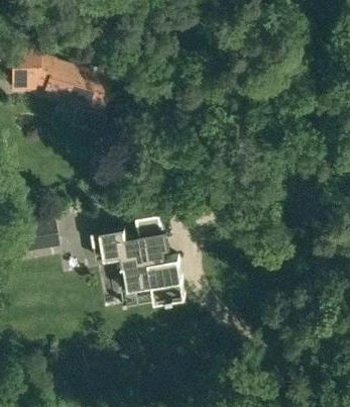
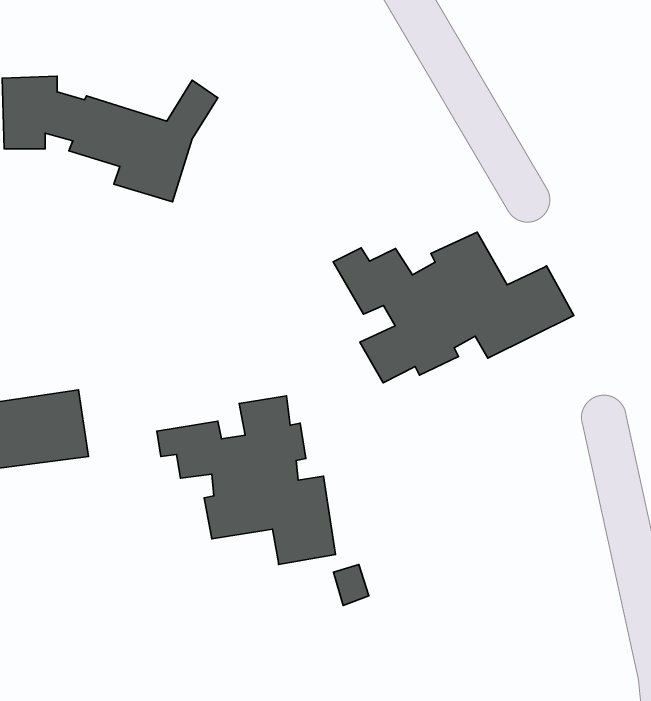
building: none -> [333,232,574,383]

